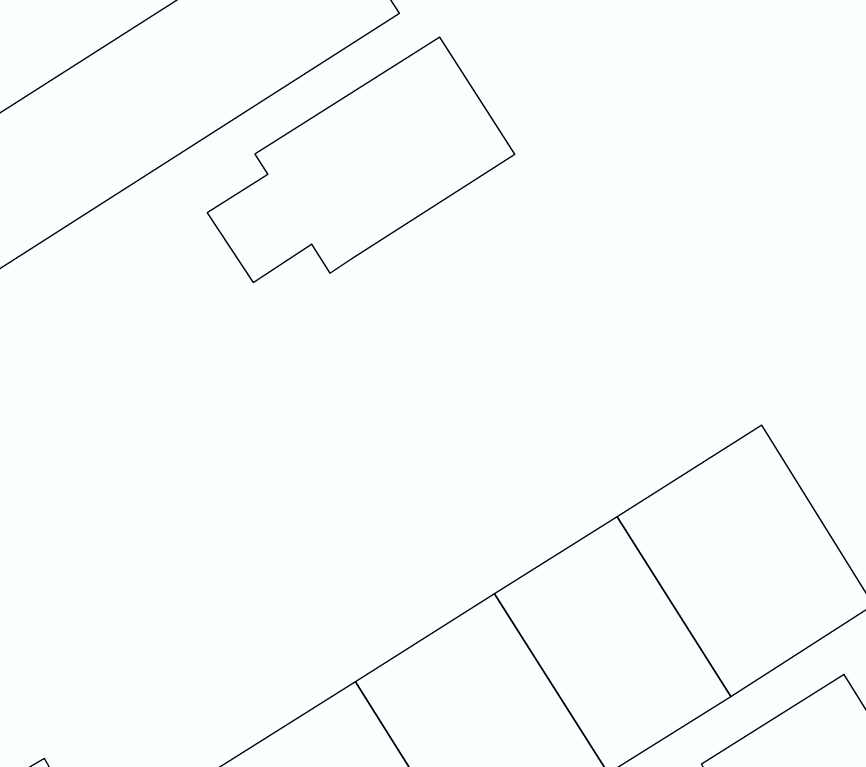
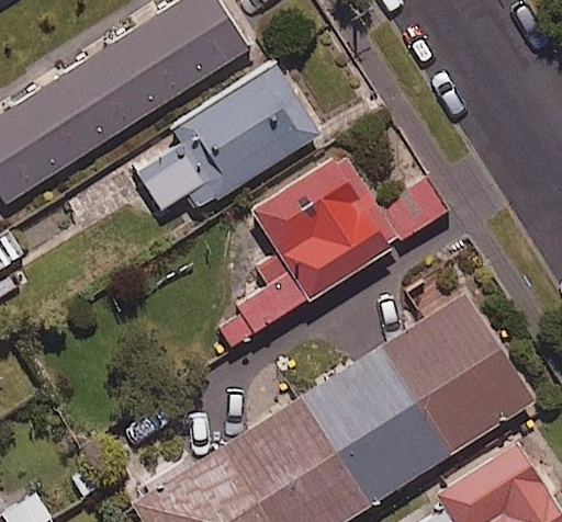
building: none -> [211,152,448,350]

